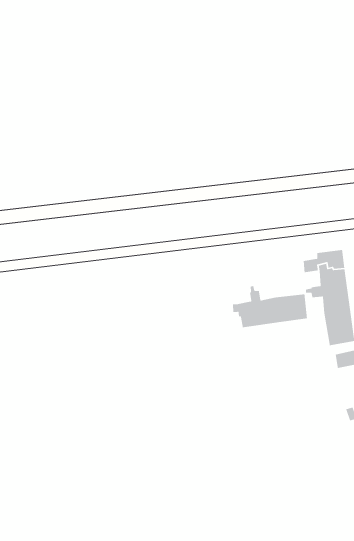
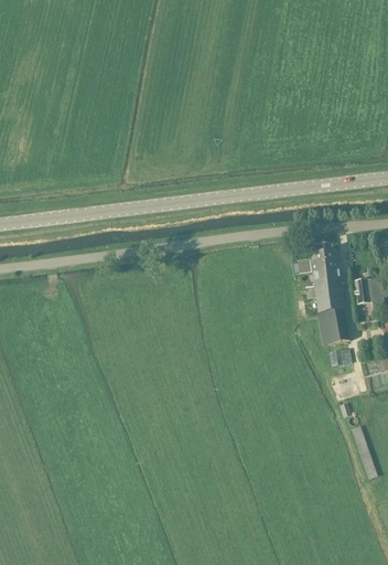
building: [232,285,308,328] -> none

